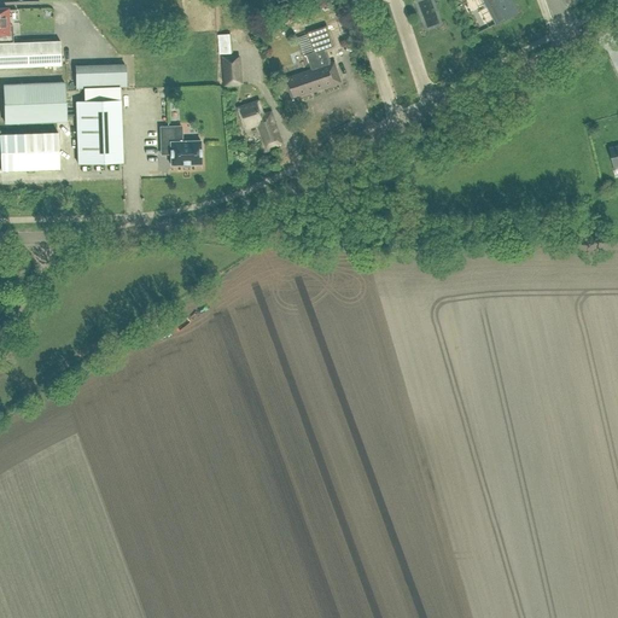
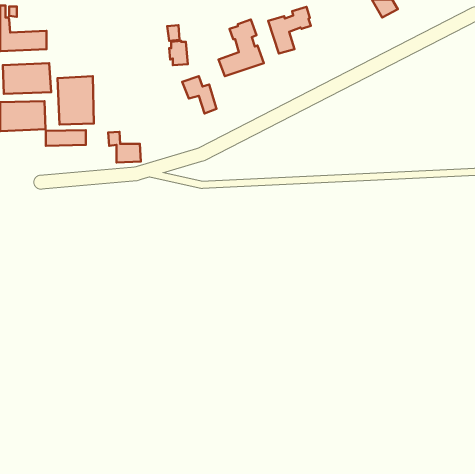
building: none -> [268,7,311,54]
building: [77,66,129,87] -> [46,130,86,146]
building: [159,124,202,164] -> [108,132,141,162]

